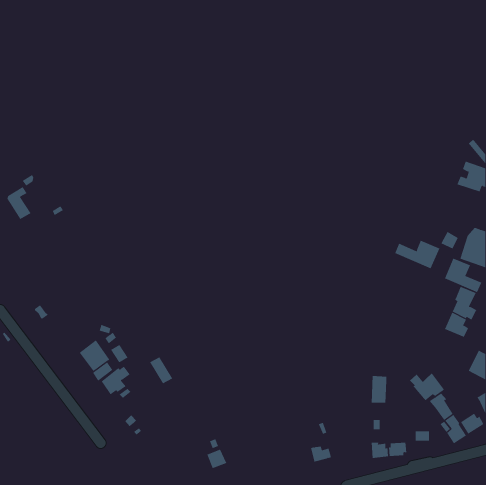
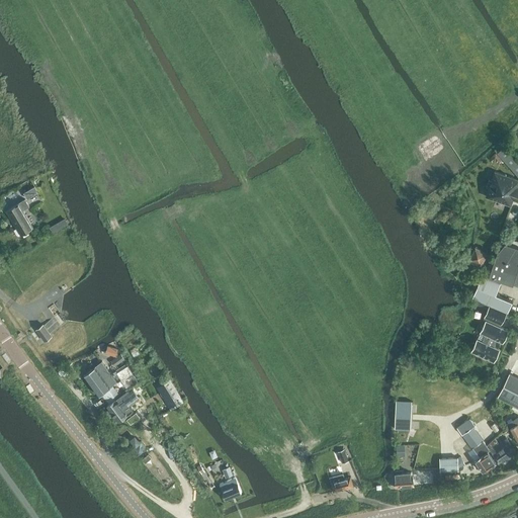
building: [394,240,440,269] -> none
building: [409,373,445,401] -> none

